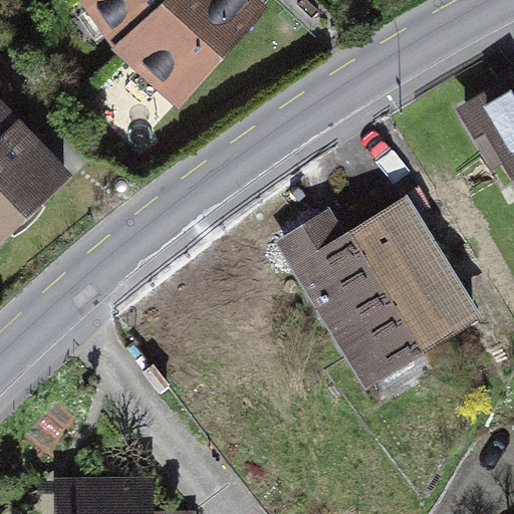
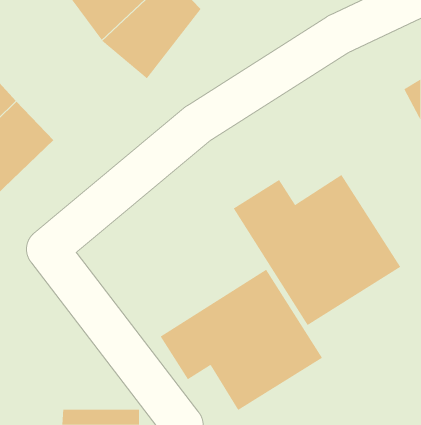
building: none -> [160,269,323,411]

